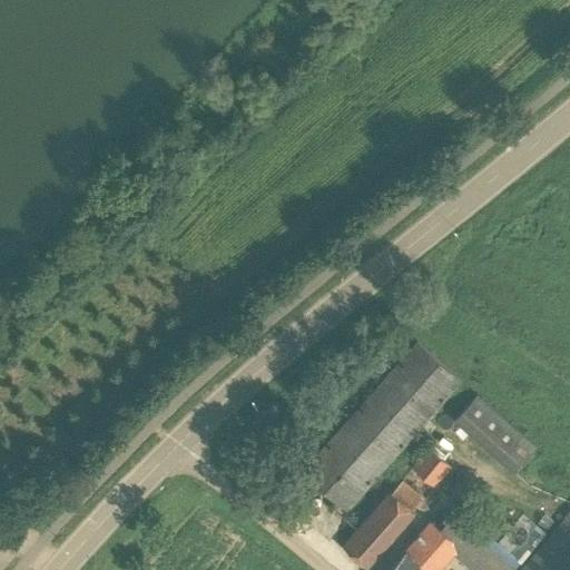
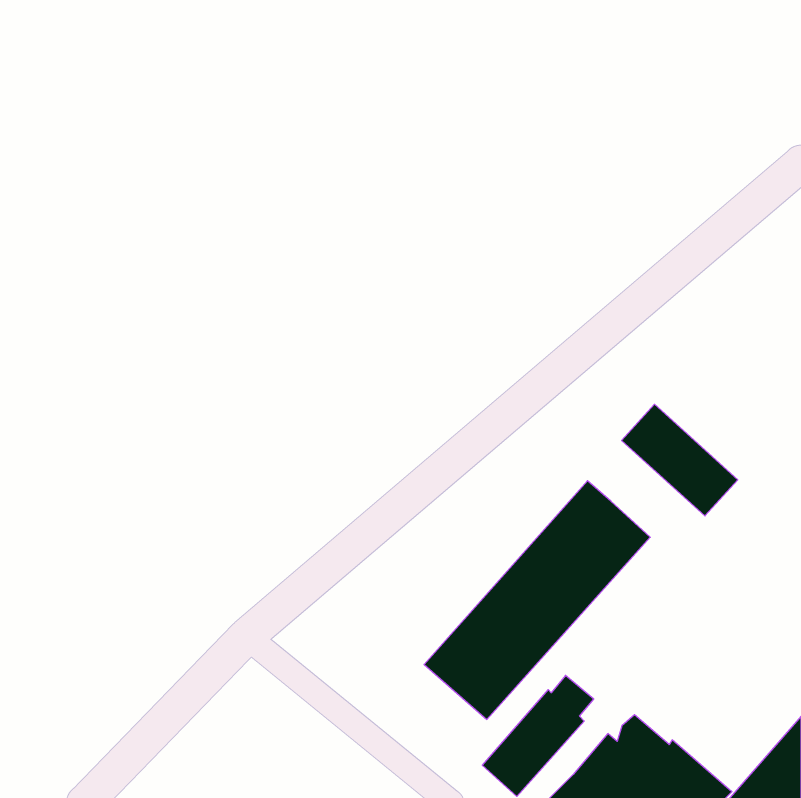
building: [453,395,535,474] -> [622,404,738,516]
building: [411,449,451,489] -> none

